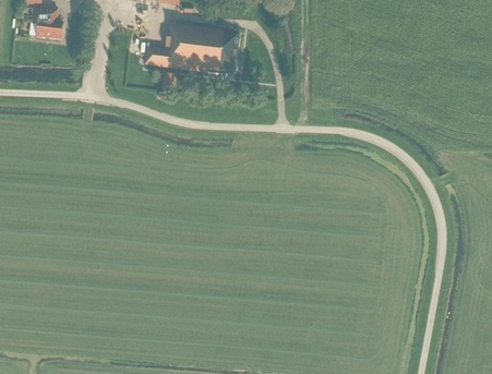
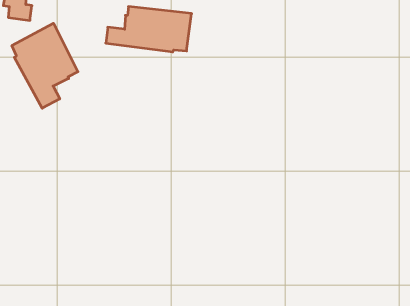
building: none -> [12,23,78,108]

